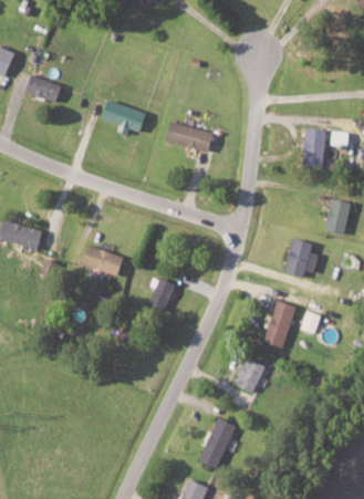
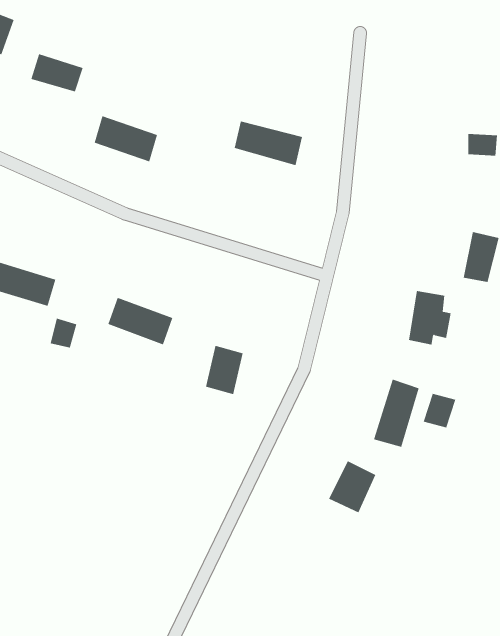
building: [102,100,146,132] -> [94,116,158,162]
building: [303,137,322,164] -> none
building: [199,417,235,468] -> none

